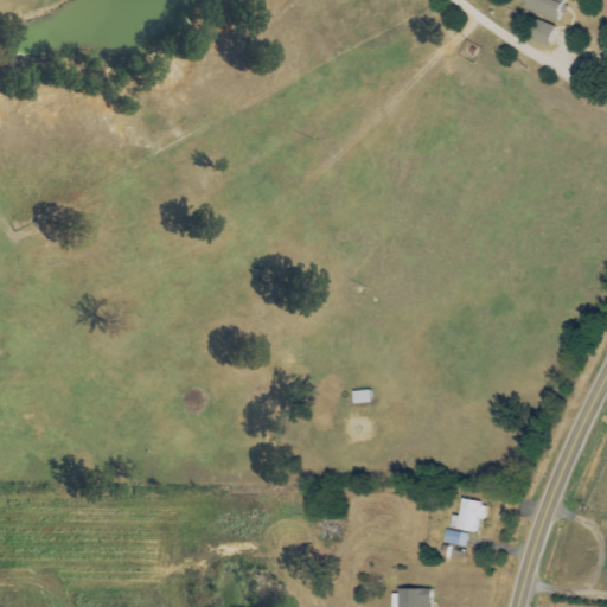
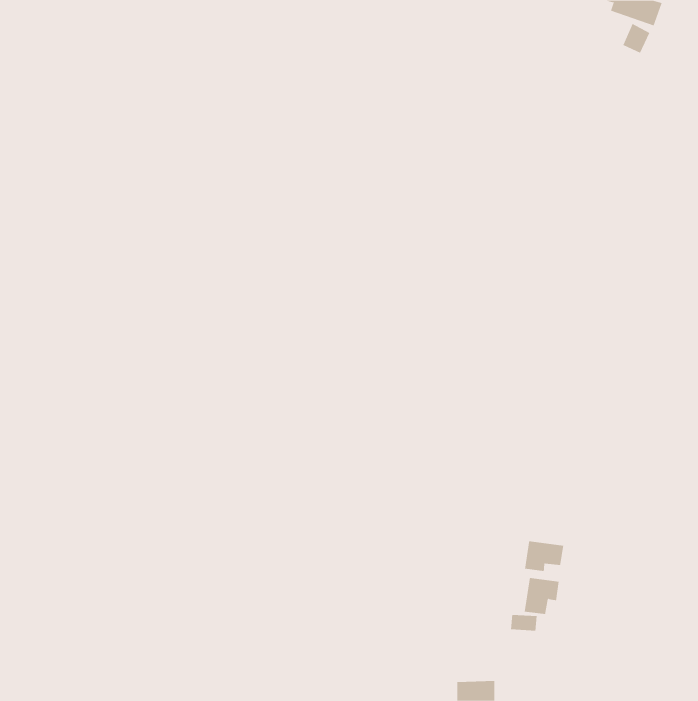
building: none -> [525,541,564,572]

